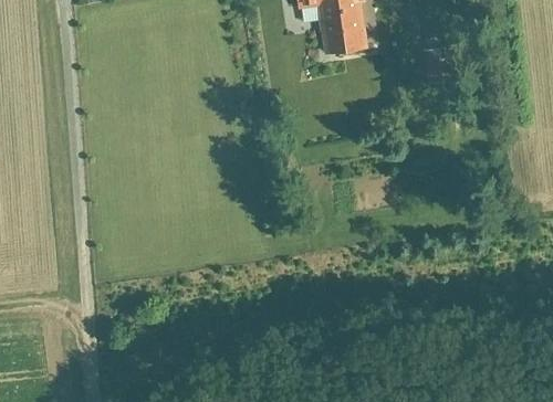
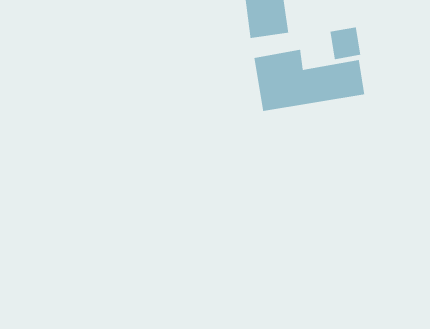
building: none -> [253,49,365,112]

